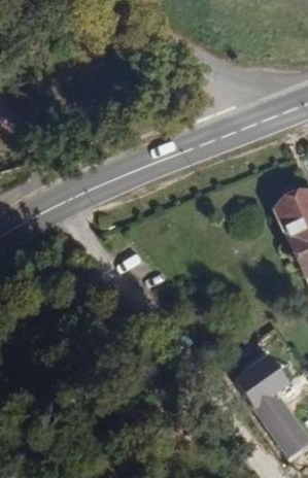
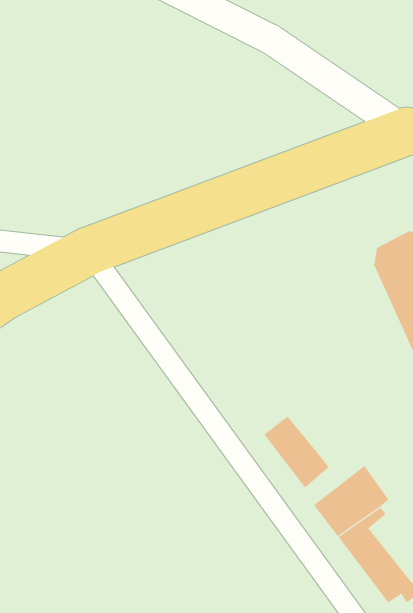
building: none -> [264,416,329,488]

